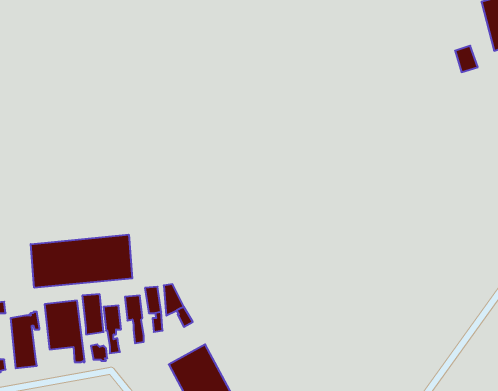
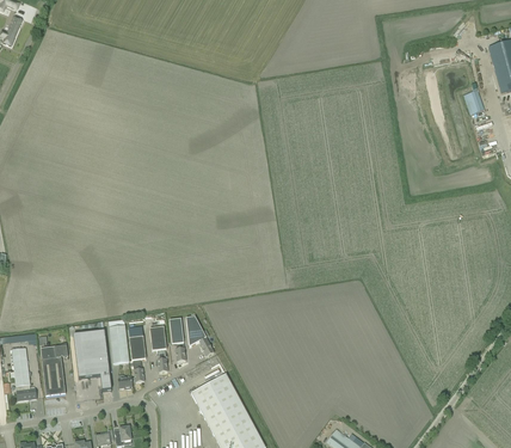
building: [31,235,132,288] -> none

